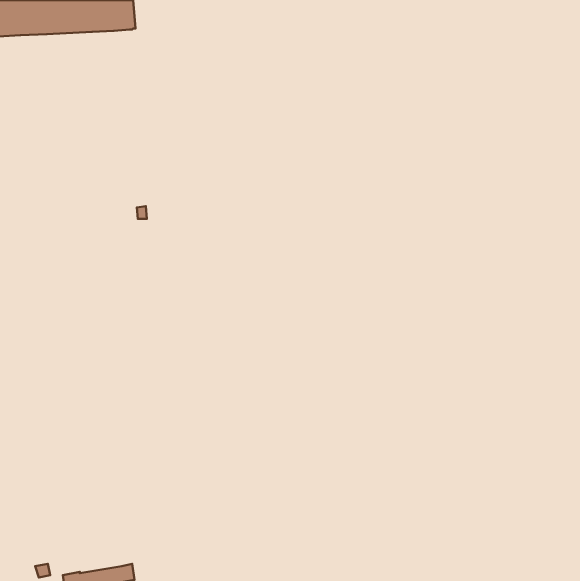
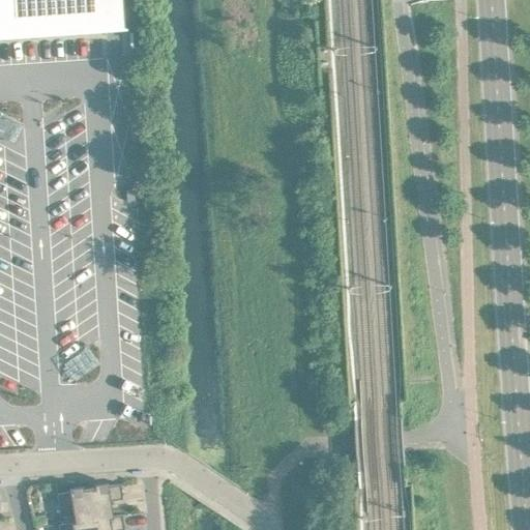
building: none -> [55,482,121,522]

